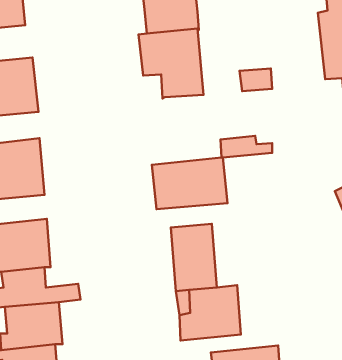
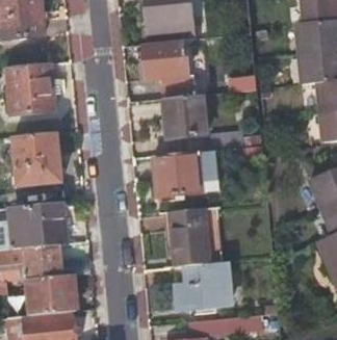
building: none -> [158,95,208,139]

